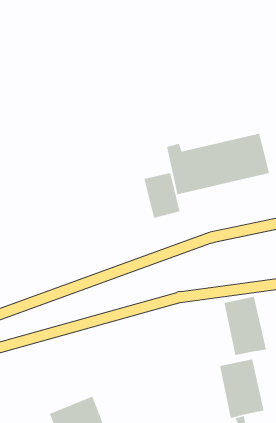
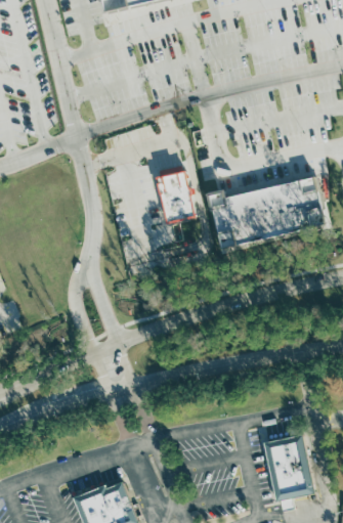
building: [144,172,181,219] -> [154,170,196,223]
building: [224,296,267,356] -> none

